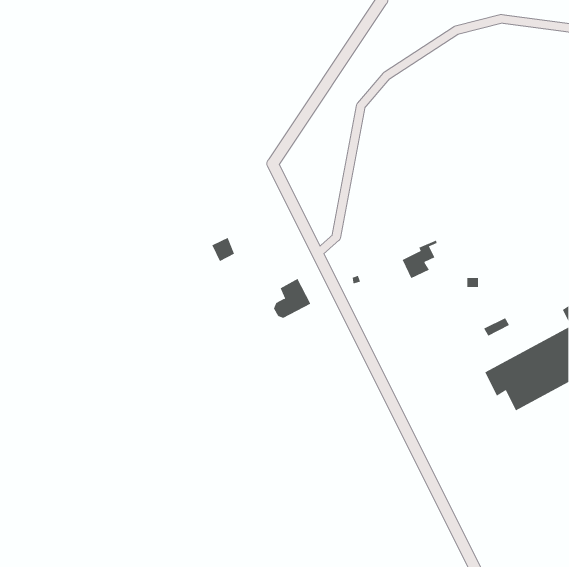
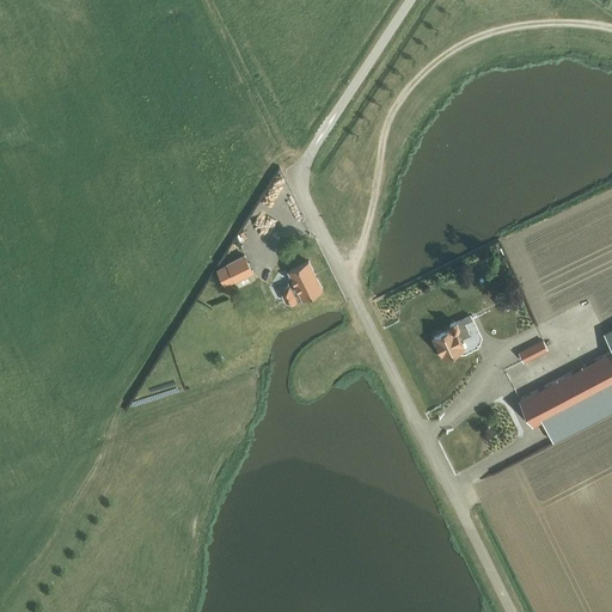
building: [402,240,437,279] -> [434,318,472,360]
building: [273,278,311,318] -> [282,263,323,306]

